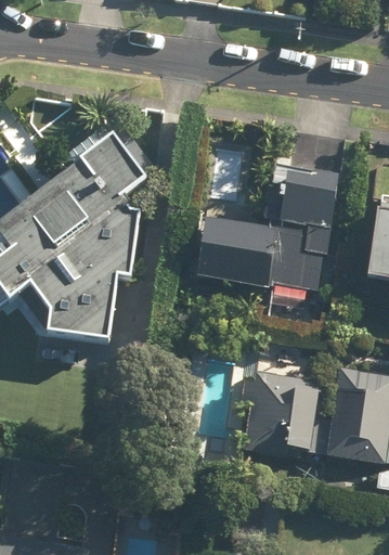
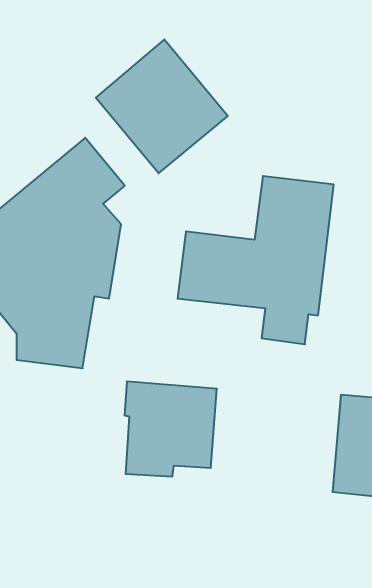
building: none -> [96,39,228,173]
building: [244,372,327,457] -> [124,382,217,476]

